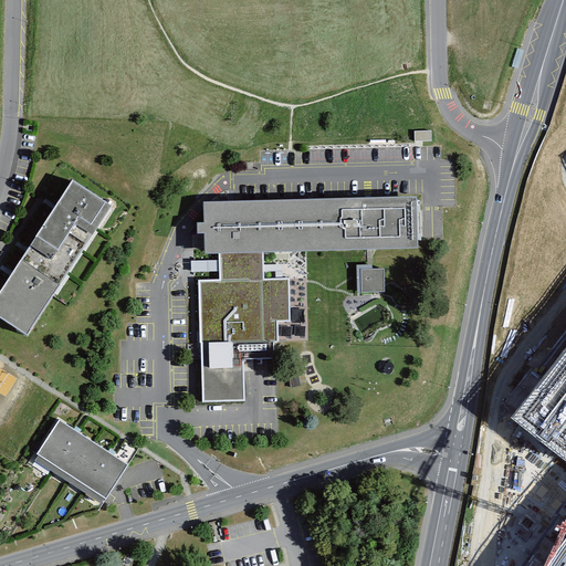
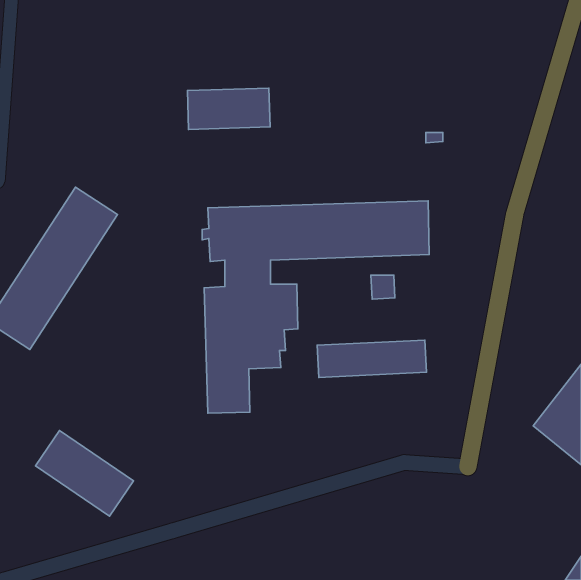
building: none -> [187,88,270,129]
building: none -> [317,340,427,377]

